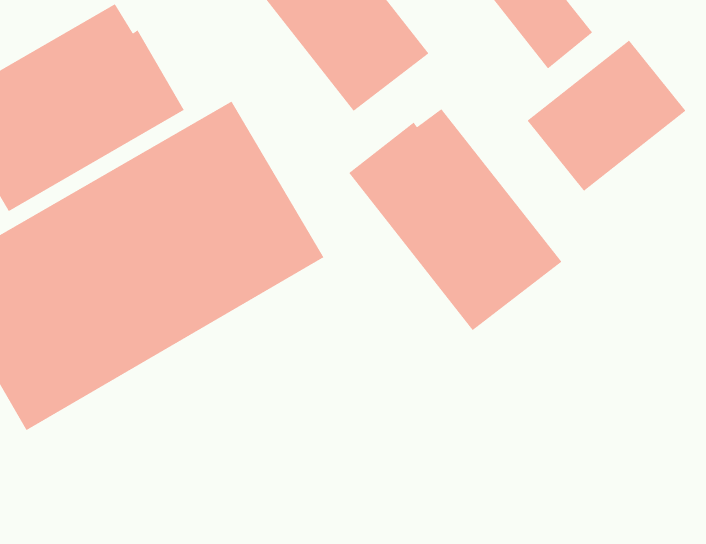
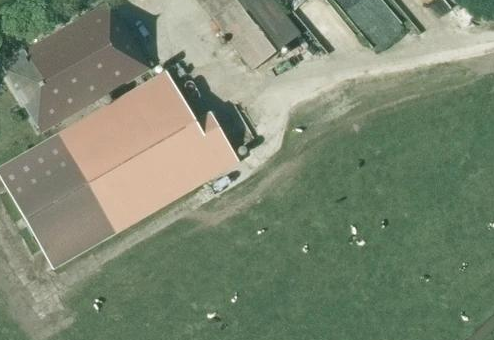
building: [527,40,686,192] -> none
building: [348,108,562,331] -> none

